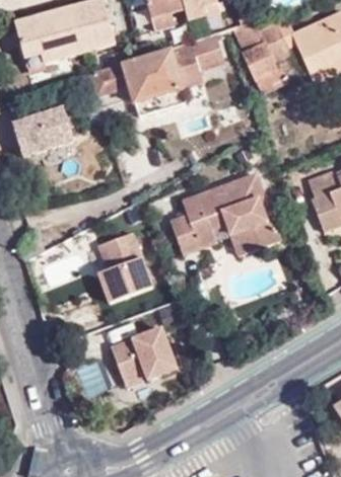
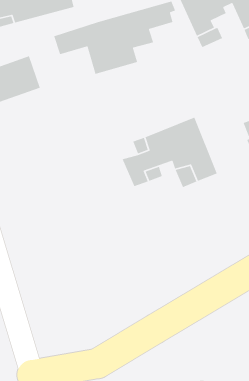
building: [94,229,154,303] -> none
building: [84,313,178,387] -> none

